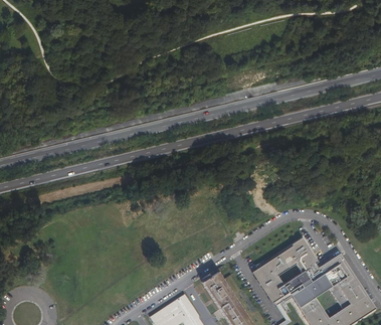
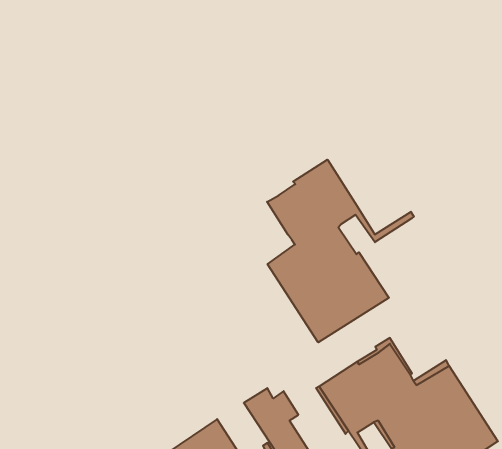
building: none -> [267,160,414,342]

